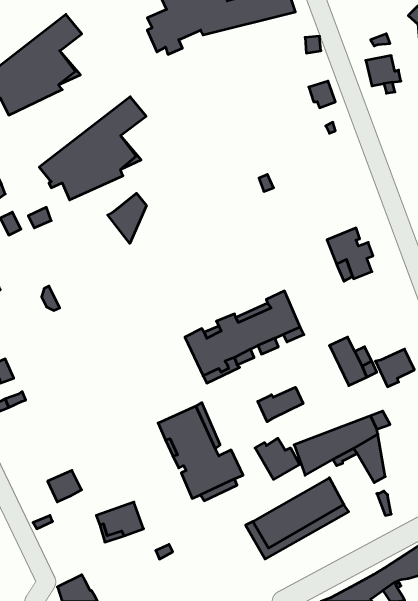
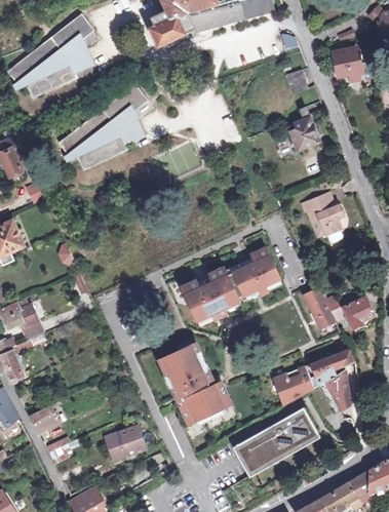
building: none -> [289,116,320,150]
building: [108,193,146,243] -> none
building: [258,387,303,422] -> none
building: [255,438,300,479] -> none
building: [48,470,82,502] -> [30,404,59,431]

